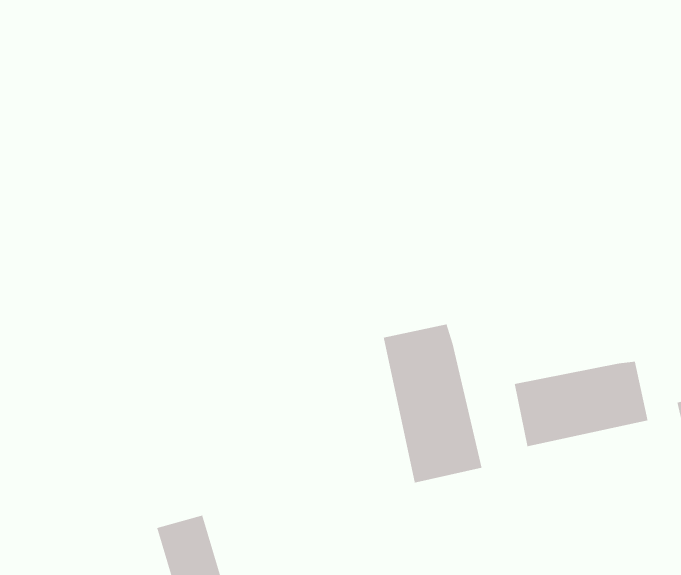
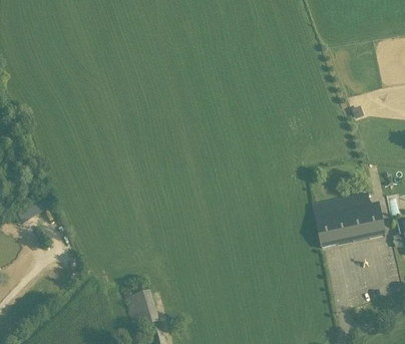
building: [383,323,482,483] -> none

